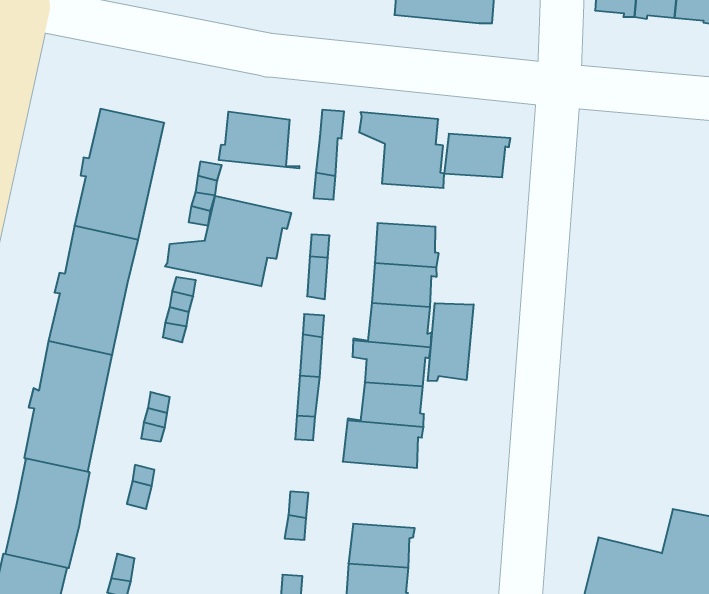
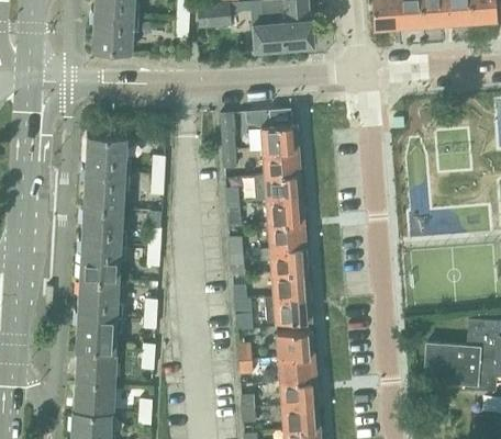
building: [219,112,299,168] -> none
building: [444,134,510,177] -> [264,149,301,177]
building: [165,196,291,286] -> none
building: [428,303,474,381] -> none
building: none -> [277,330,316,359]

